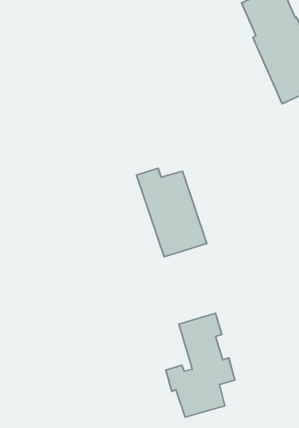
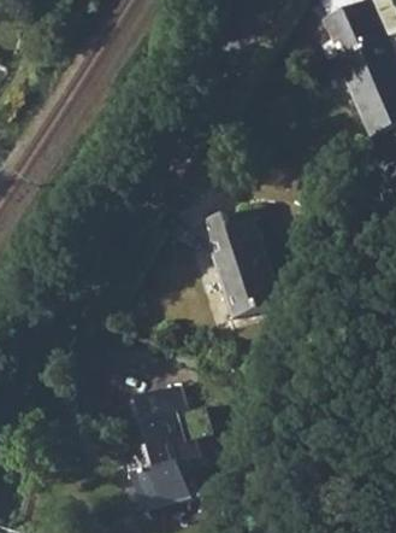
building: [166,313,235,417] -> [123,385,205,508]

